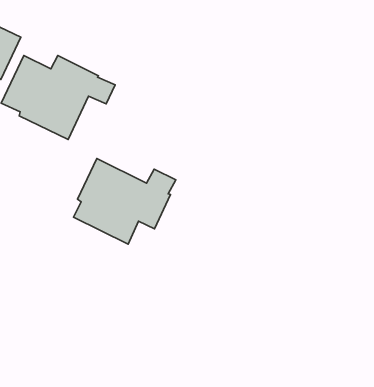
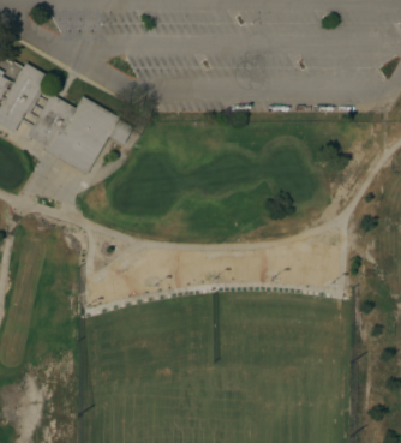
building: [74,159,176,244] -> none

